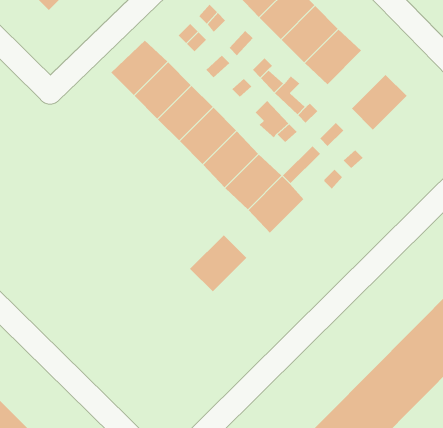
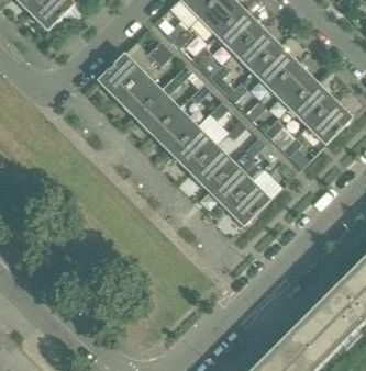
building: none -> [270,61,317,108]
building: none -> [307,98,353,144]
building: [189,235,247,292] -> [224,180,270,226]

